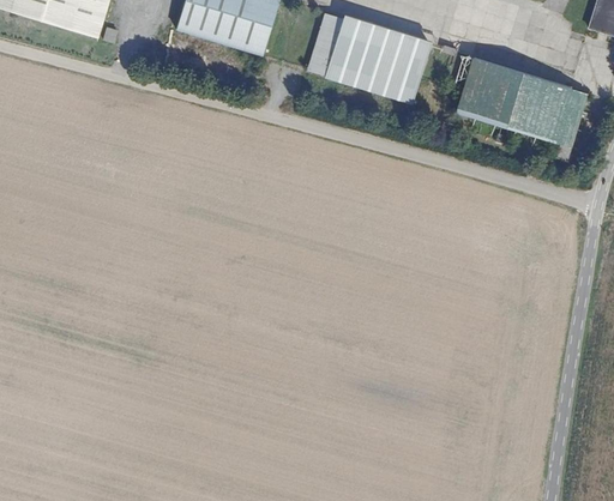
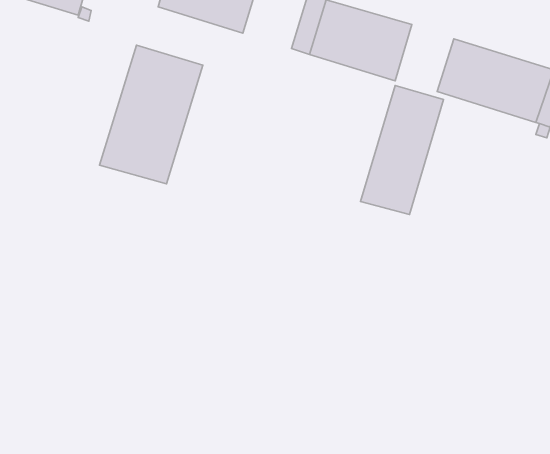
building: none -> [99,45,203,184]
building: none -> [360,86,444,214]

